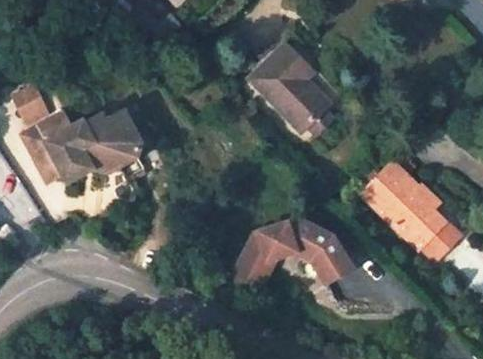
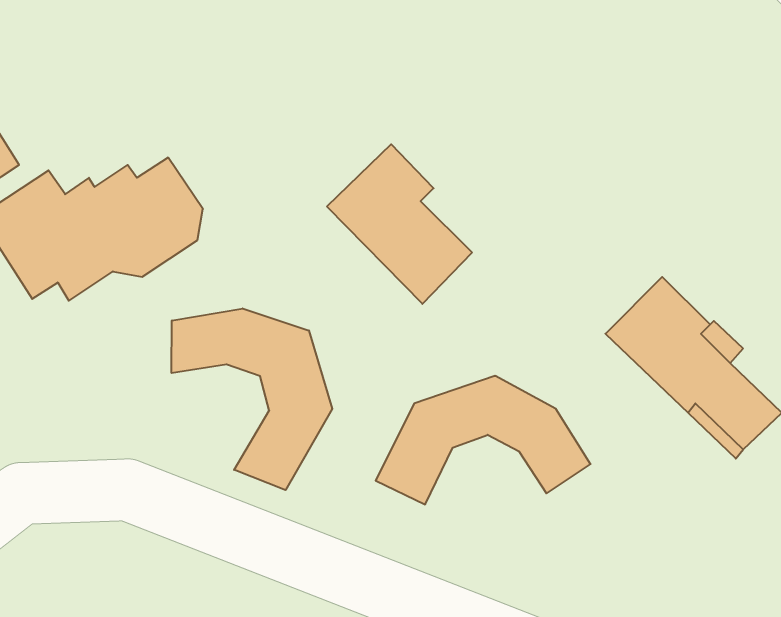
building: [251,48,330,135] -> [327,144,472,304]
building: none -> [172,308,332,490]

